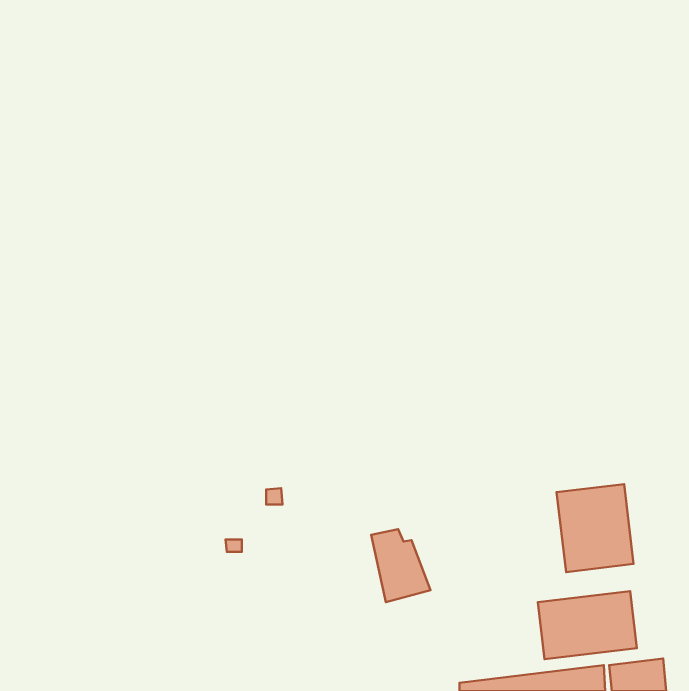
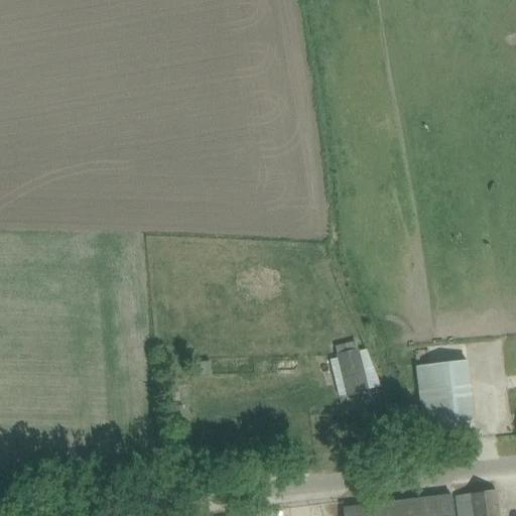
building: [371,529,431,602] -> [335,342,379,396]
building: [538,591,637,659] -> none

